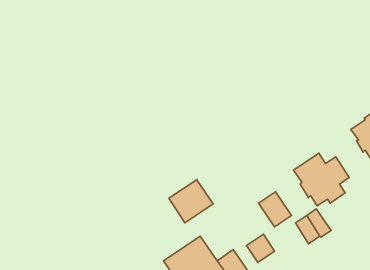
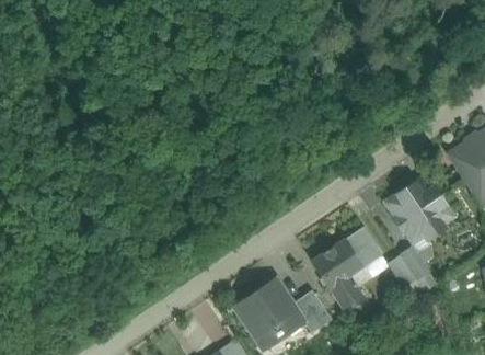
building: [169,179,213,223] -> [311,239,362,289]

